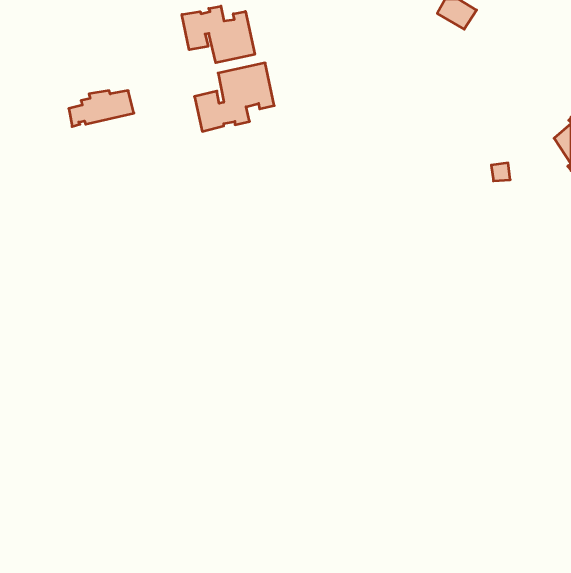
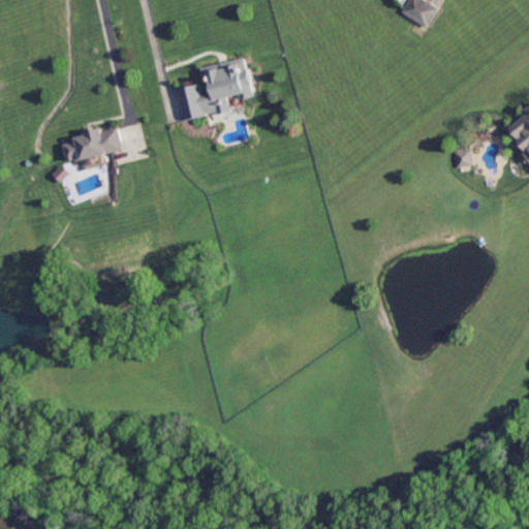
building: [182,6,255,63] -> none
building: [69,91,134,127] -> [63,128,123,161]

